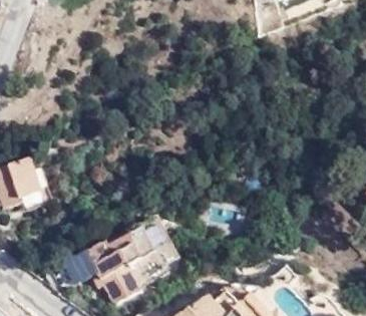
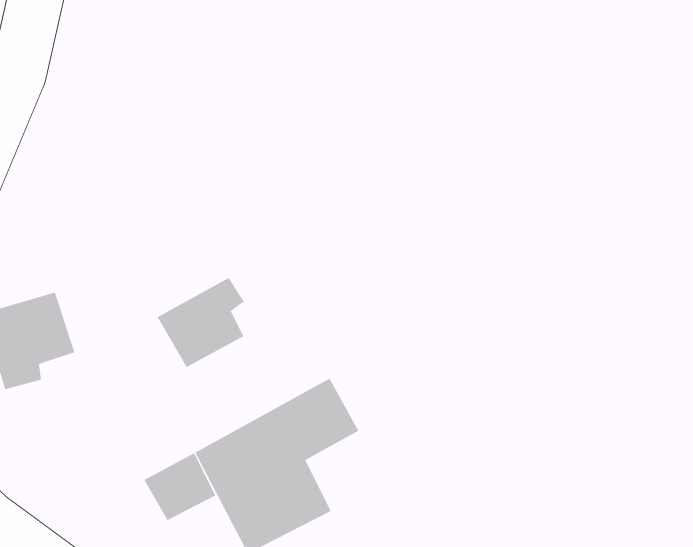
building: none -> [157,277,244,368]

